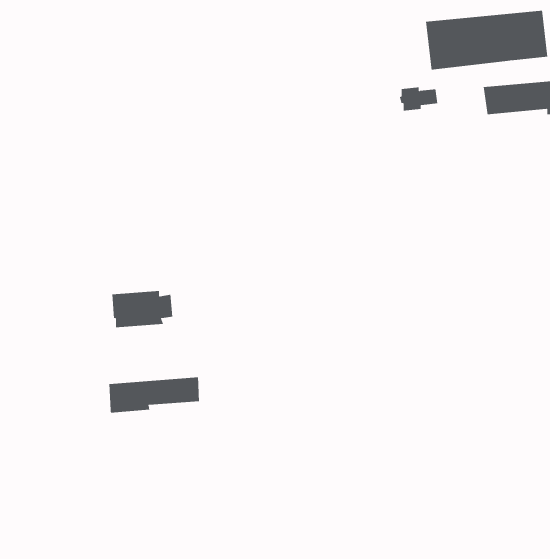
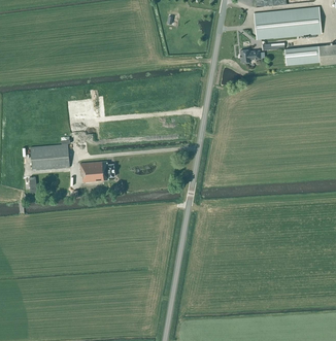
building: none -> [29,144,69,170]
building: [109,377,199,414] -> none

